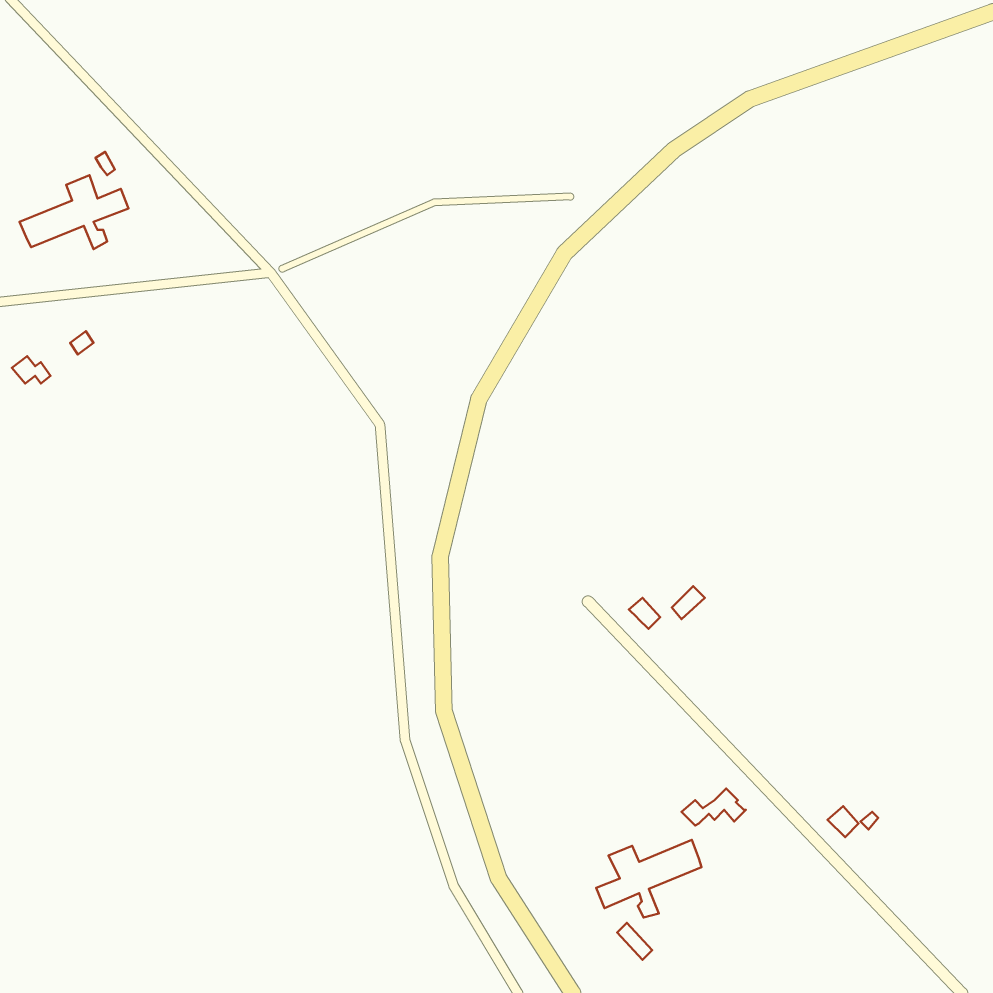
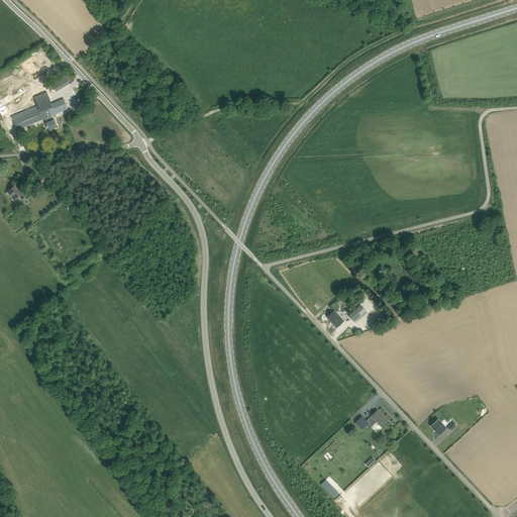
building: [596,840,702,917] -> none

